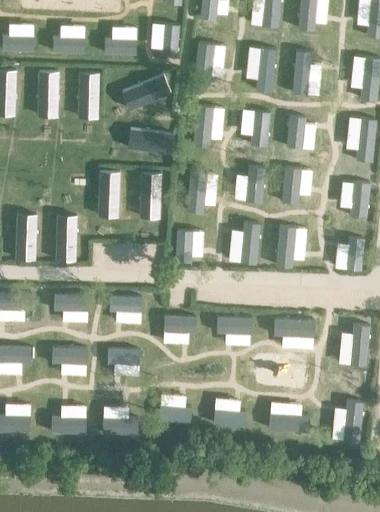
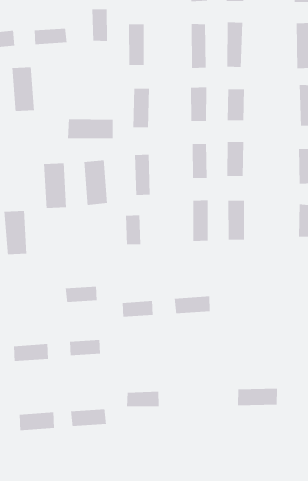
building: [120,75,171,112] -> none
building: [53,294,89,312] -> none
building: [275,319,314,337] -> none
building: [212,409,246,428] -> none

